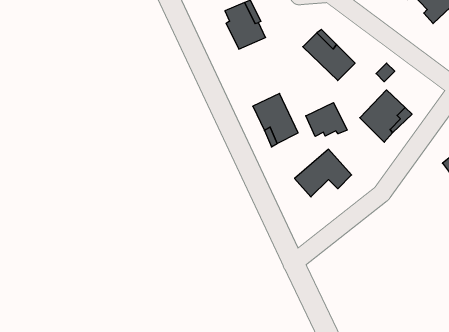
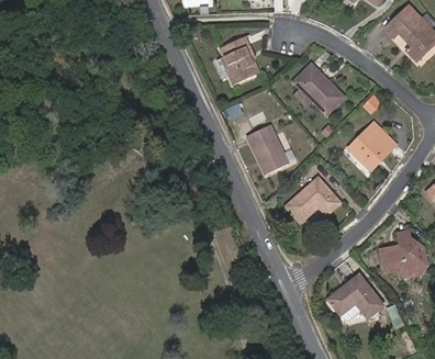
building: [306,103,347,136] -> none
building: none -> [380,232,425,276]
building: none -> [328,276,383,321]

